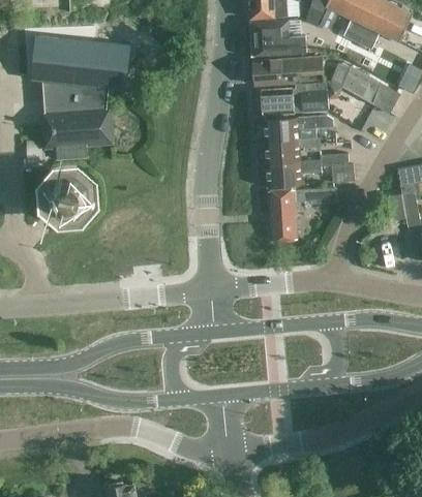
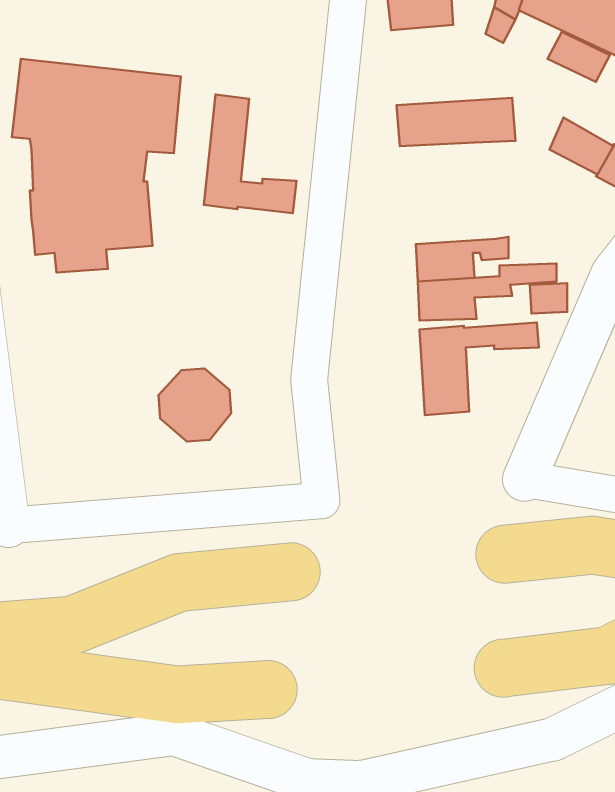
building: [250,22,306,56] -> none
building: none -> [204,94,296,213]
building: [261,83,327,115] -> none
building: [264,116,332,143] -> none
building: [47,176,89,218] -> [158,368,231,442]

